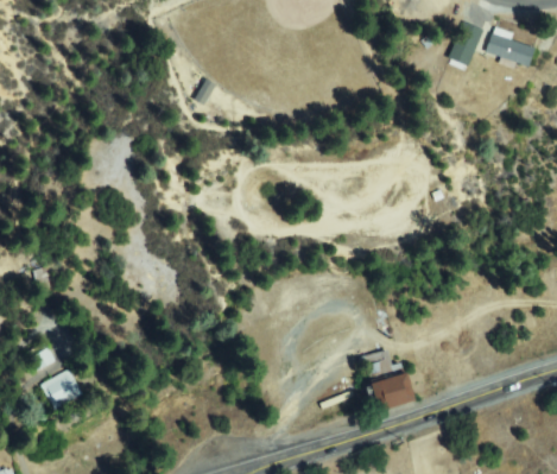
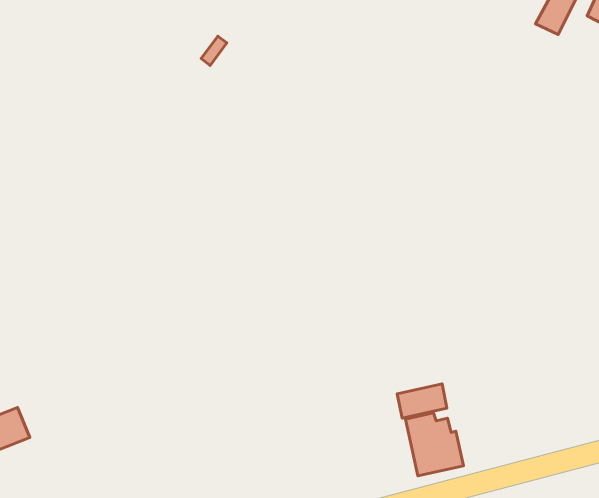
building: none -> [397,384,447,418]

